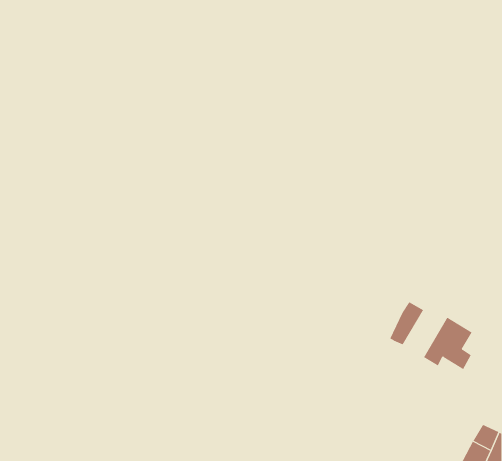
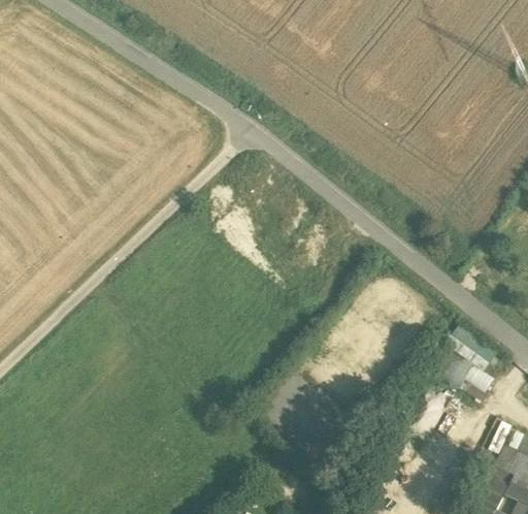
building: [390,301,424,345] -> none

